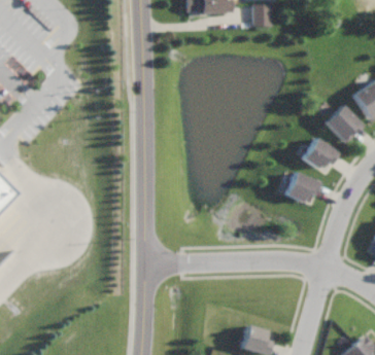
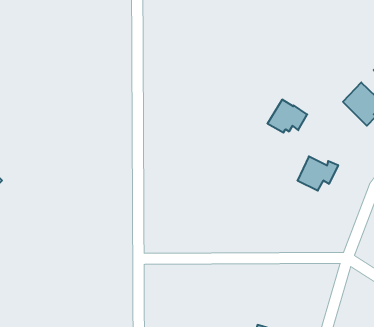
building: [300,138,336,168] -> [267,100,307,133]

